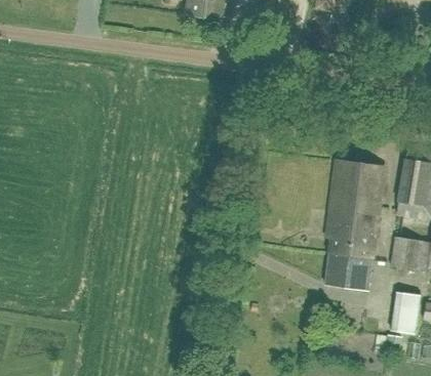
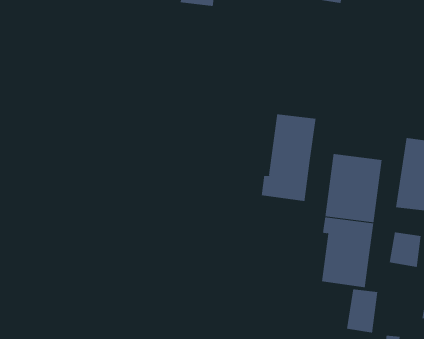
building: none -> [261,114,316,202]
building: [389,291,420,334] -> [346,289,378,333]

